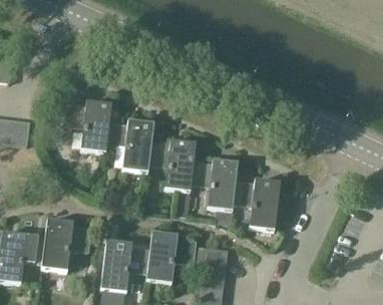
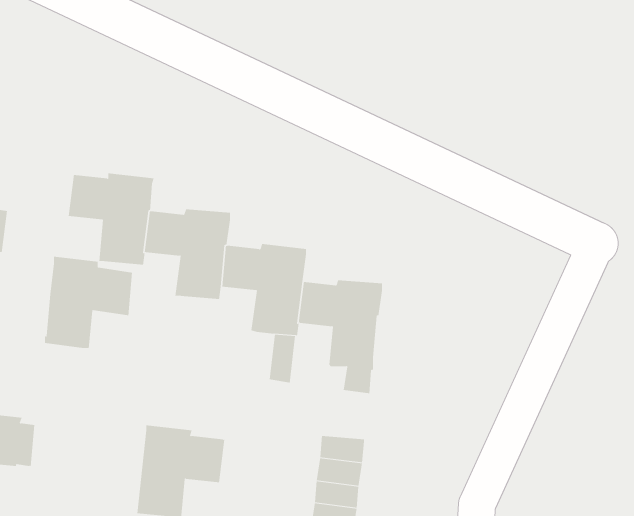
building: [233,180,280,231] -> none
building: [42,220,91,271] -> [44,256,133,349]
building: [146,233,197,284] -> none

